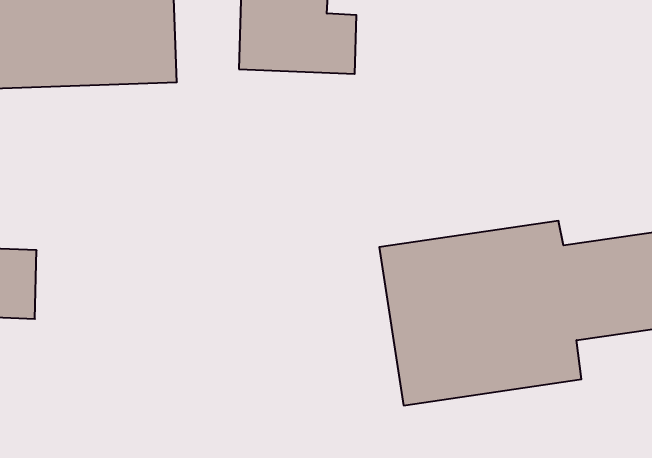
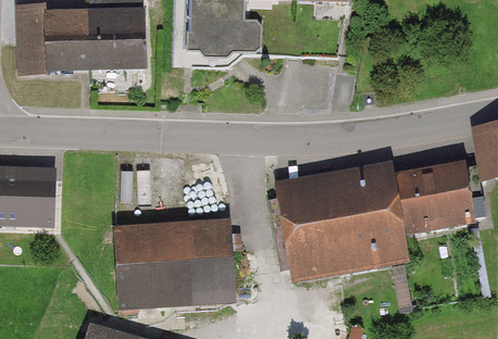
building: none -> [117,225,236,306]

